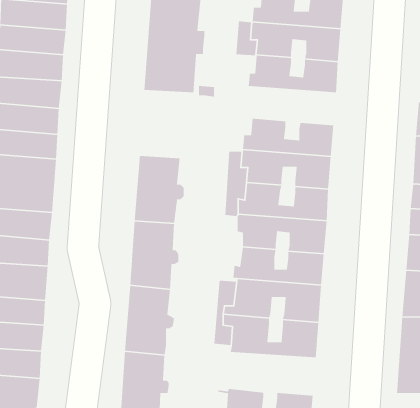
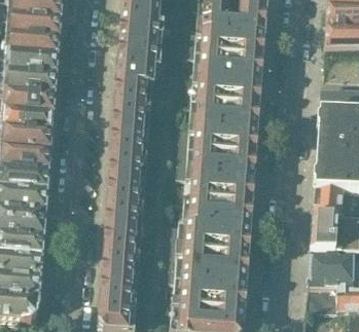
building: none -> [193,75,261,104]
building: none -> [113,78,154,128]
building: none -> [172,274,246,306]

